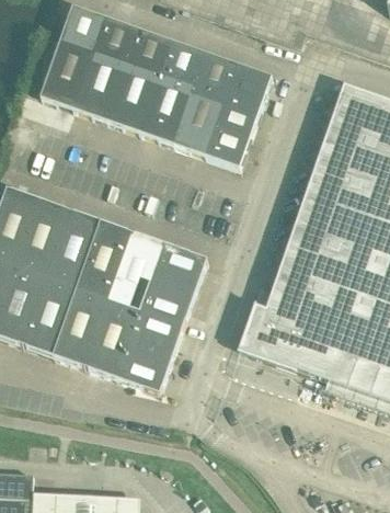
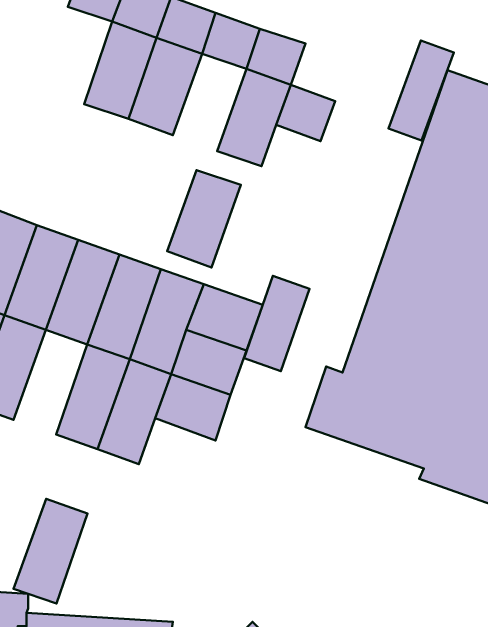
building: [41,36,95,109] -> none
building: none -> [389,40,454,141]
building: [228,64,272,106] -> none
building: [140,71,195,144] -> [167,170,241,267]
building: [206,124,250,167] -> none
building: none -> [244,276,310,371]
building: [22,276,77,354] -> [14,499,87,604]
building: [115,342,172,392] -> none

